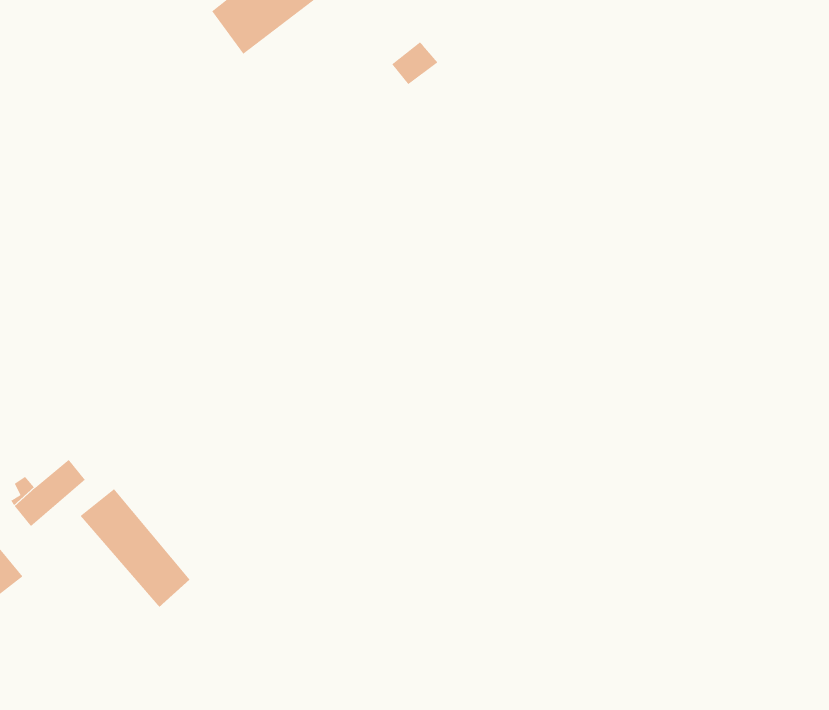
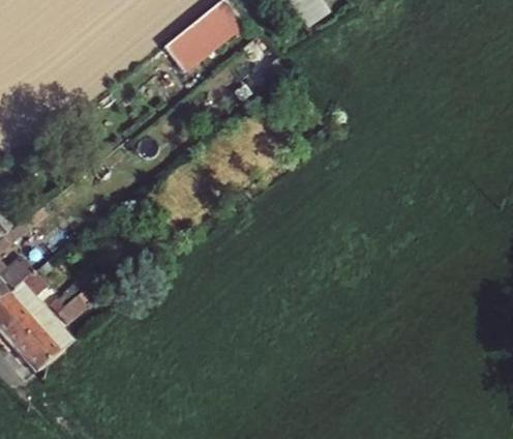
building: [80,488,191,608] -> none

